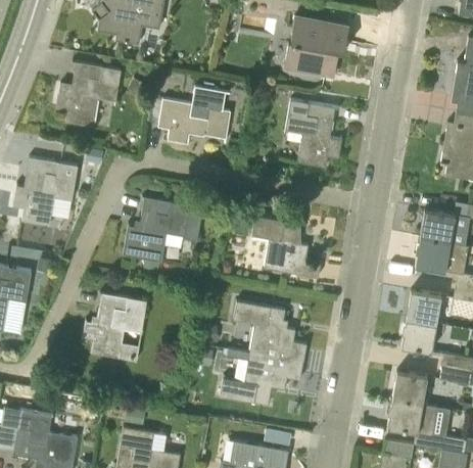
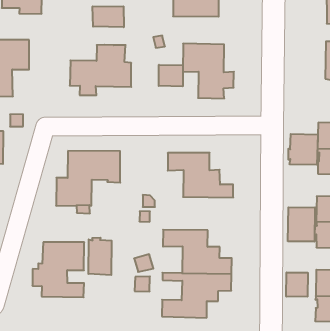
building: none -> [93,6,124,27]
building: none -> [159,65,183,86]
building: none -> [288,134,318,165]
building: none -> [88,238,112,275]
building: none -> [288,207,315,242]
building: none -> [286,272,308,297]

